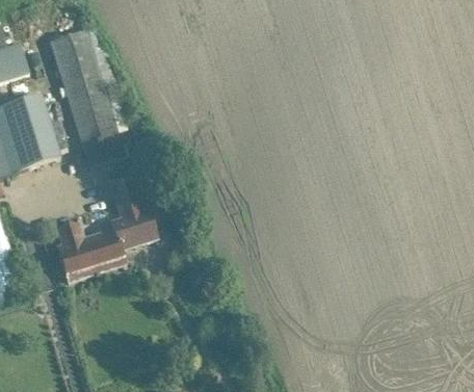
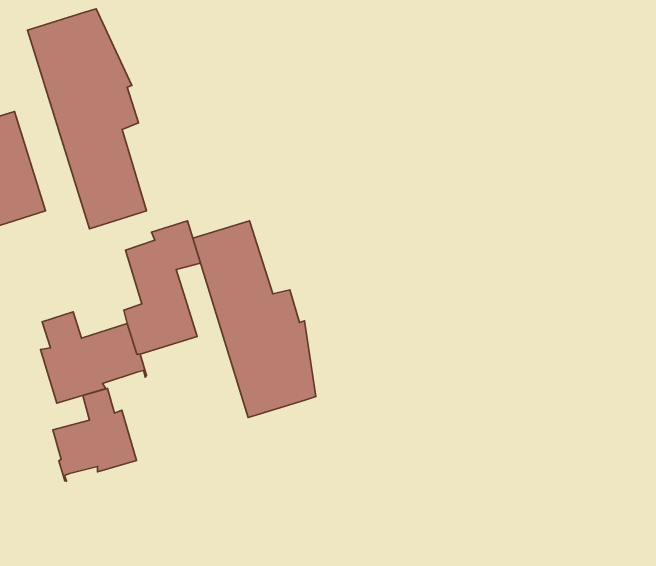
building: none -> [193,221,316,417]
building: none -> [53,389,136,481]

